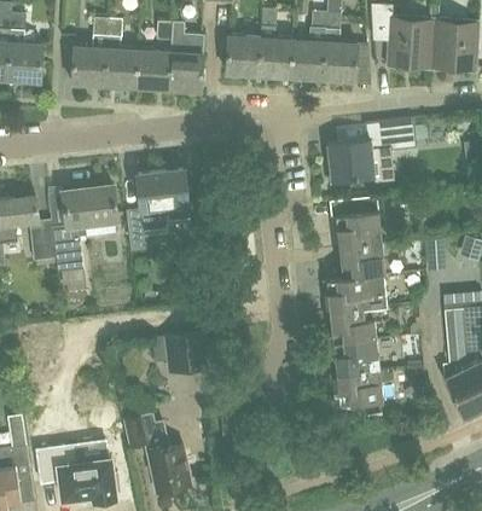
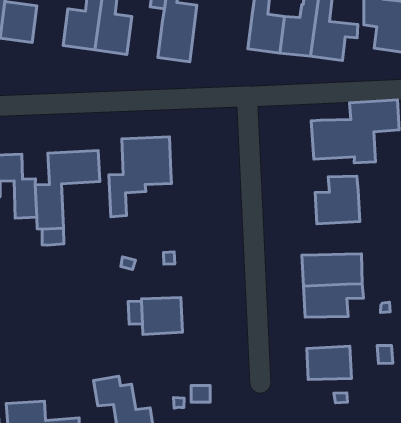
building: [225,35,260,75] -> none
building: [135,50,169,89] -> none
building: [338,243,385,279] -> none
building: [332,339,379,374] -> none

